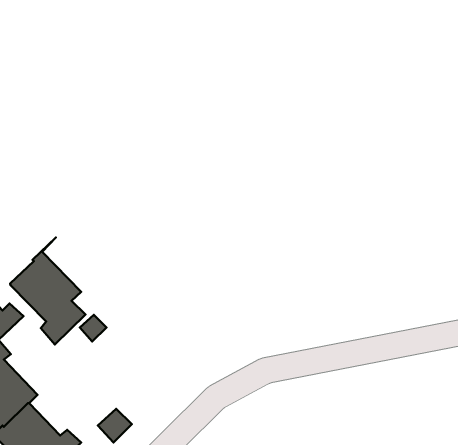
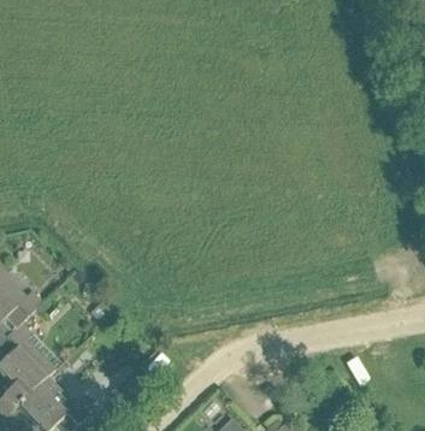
building: [10,237,85,345] -> none

